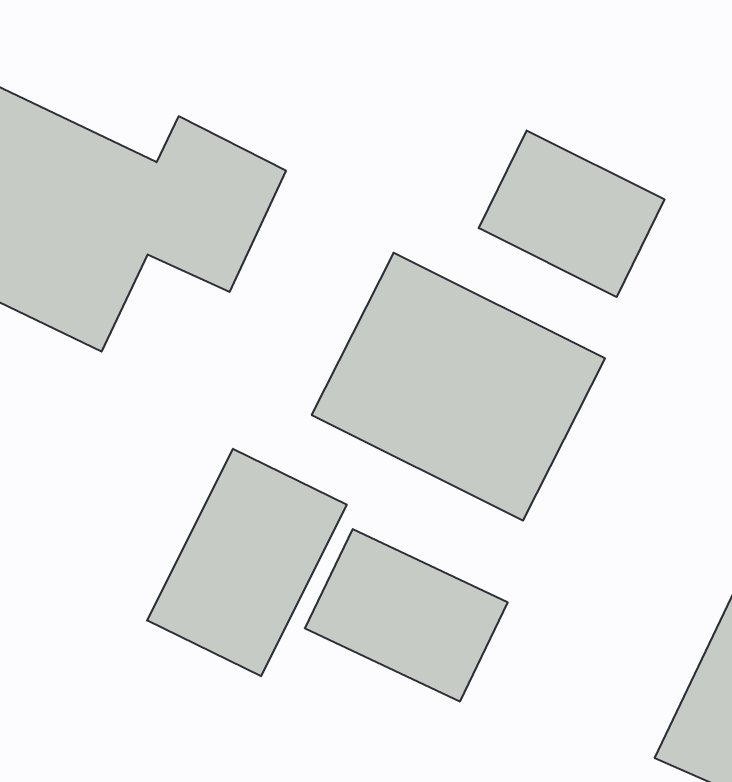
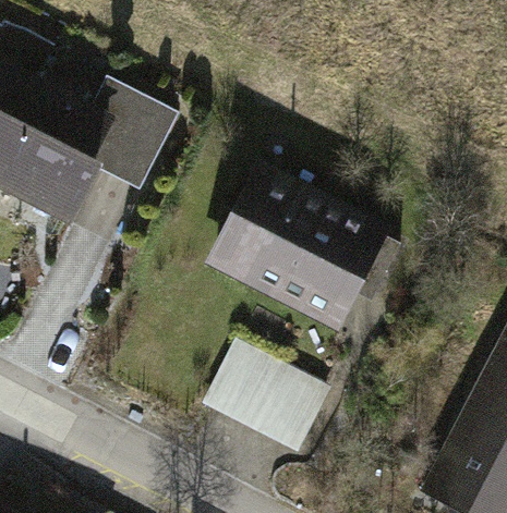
building: [479,130,664,297] -> none
building: [147,449,347,676] -> none

